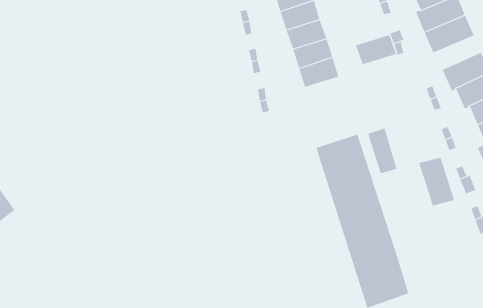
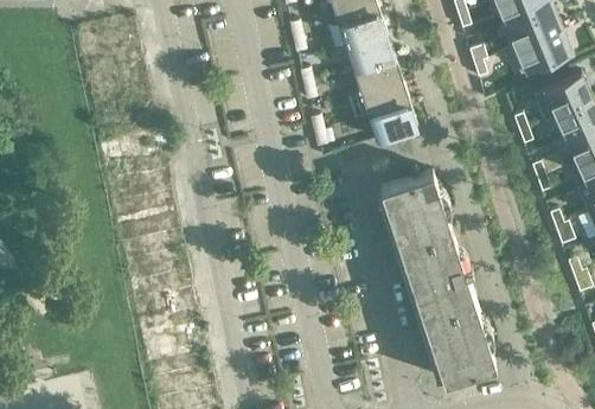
building: [355,34,397,65] -> [367,104,417,141]
building: [367,127,397,174] -> none
building: [419,157,455,206] -> none

